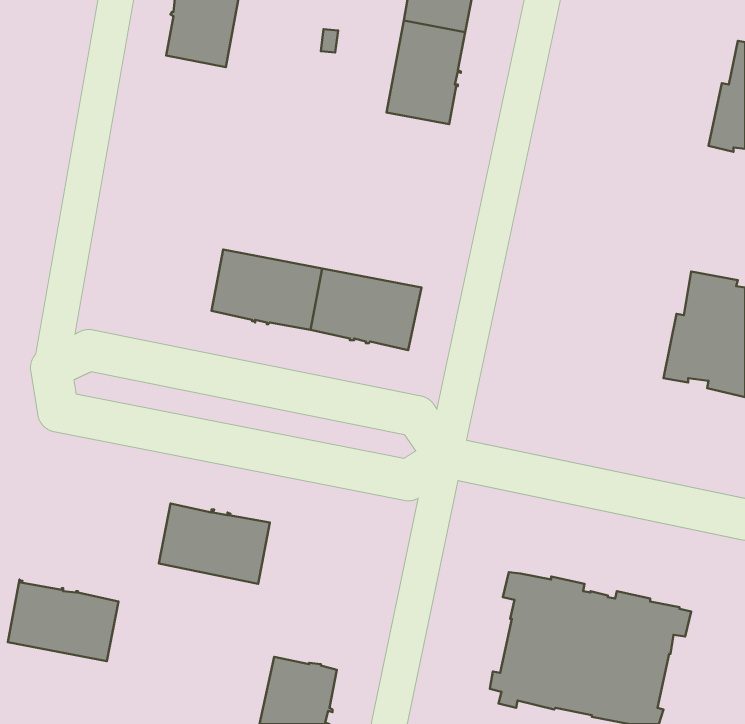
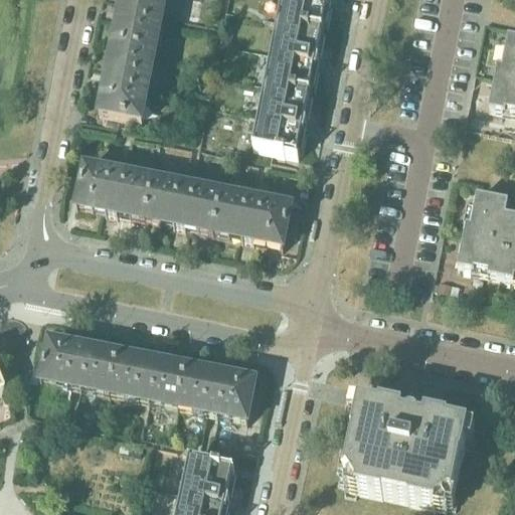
building: none -> [100,38,156,116]
building: none -> [254,77,310,150]
building: none -> [76,158,154,214]
building: none -> [178,360,255,415]
building: [8,580,119,661] -> [41,332,118,388]

